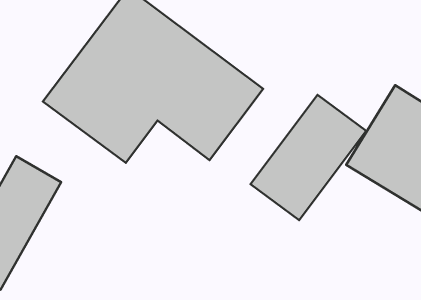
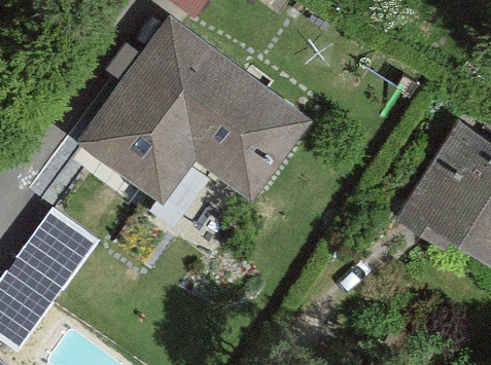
building: [251,95,366,220] -> none

